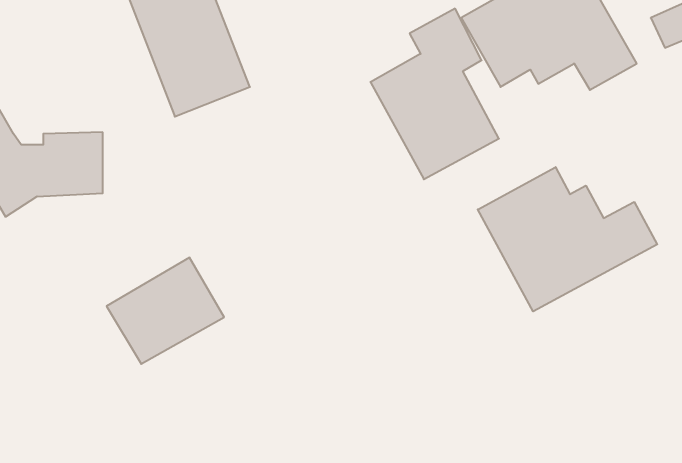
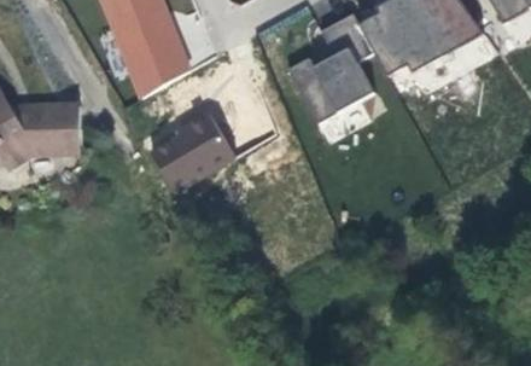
building: [478,167,657,311] -> none
building: [107,258,224,364] -> [146,111,237,193]

